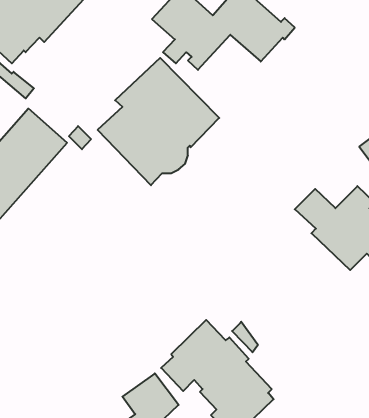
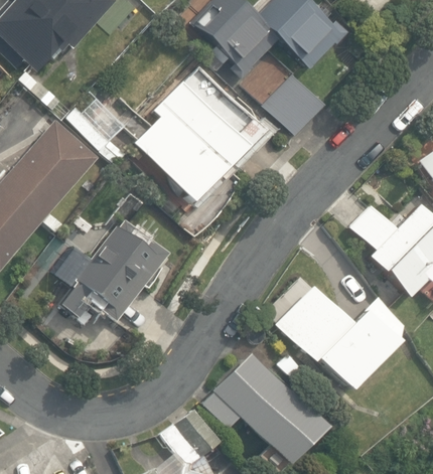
building: none -> [266,72,327,133]
building: none -> [53,216,168,319]
building: none -> [278,284,402,388]

